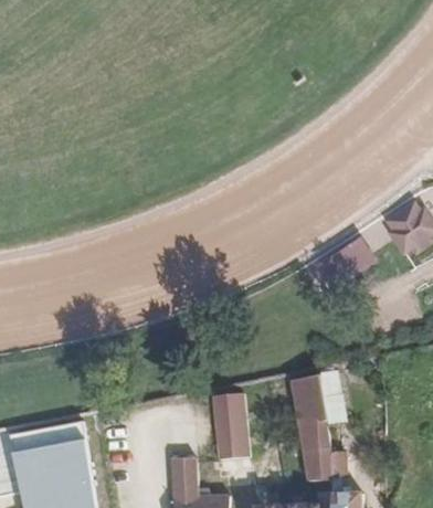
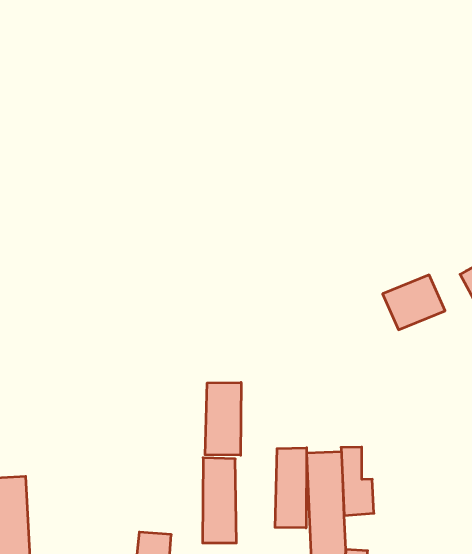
building: none -> [205,382,241,455]
building: none -> [275,448,307,528]

